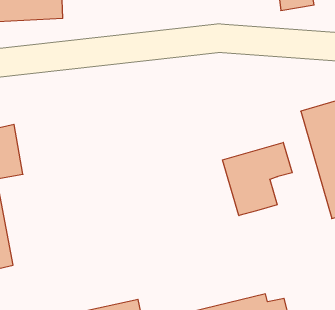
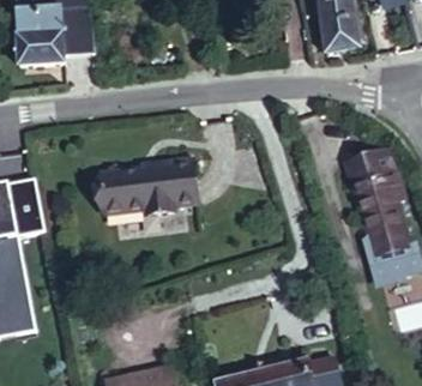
building: none -> [100,157,199,213]
building: [223,142,292,216] -> none

